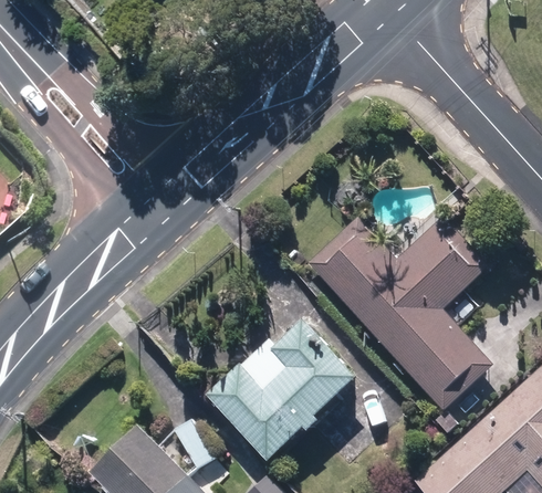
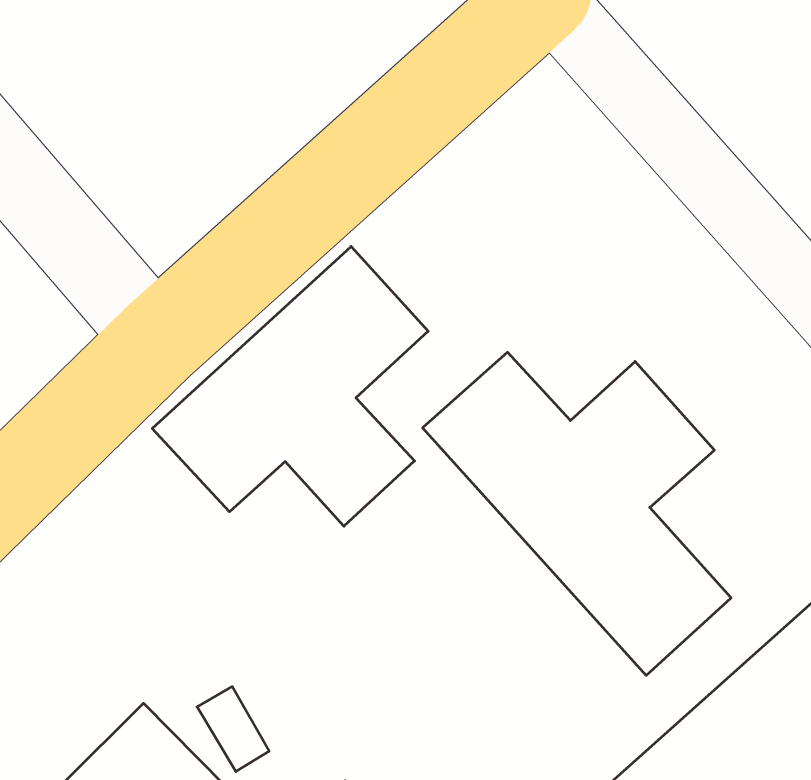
building: none -> [152,246,428,526]
building: [207,315,363,462] -> none

